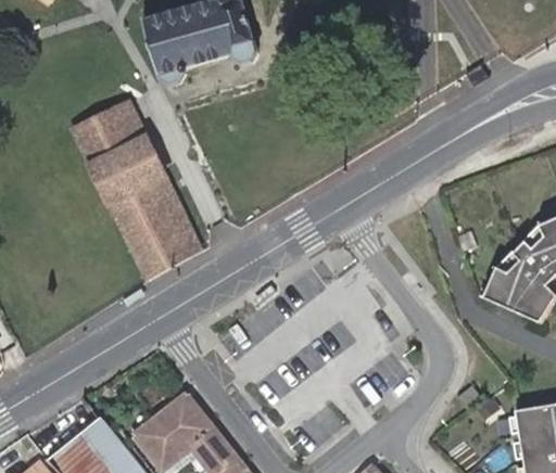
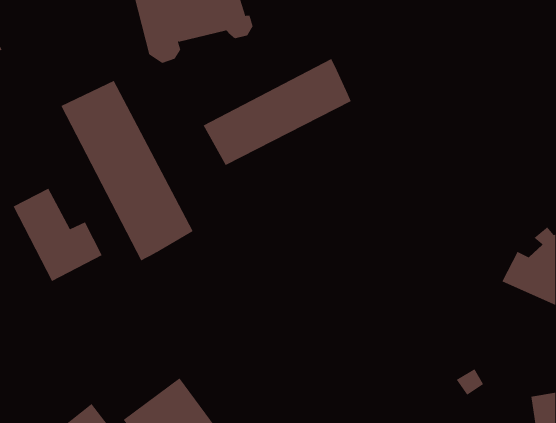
building: none -> [203,58,351,166]
building: none -> [13,188,103,282]

